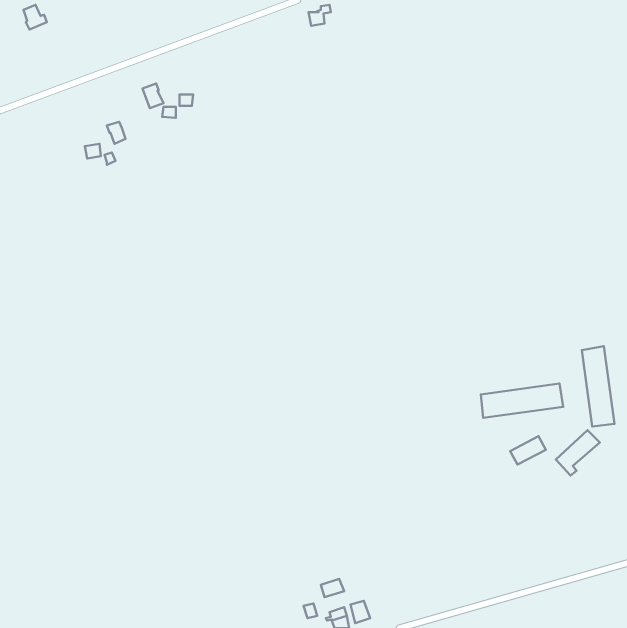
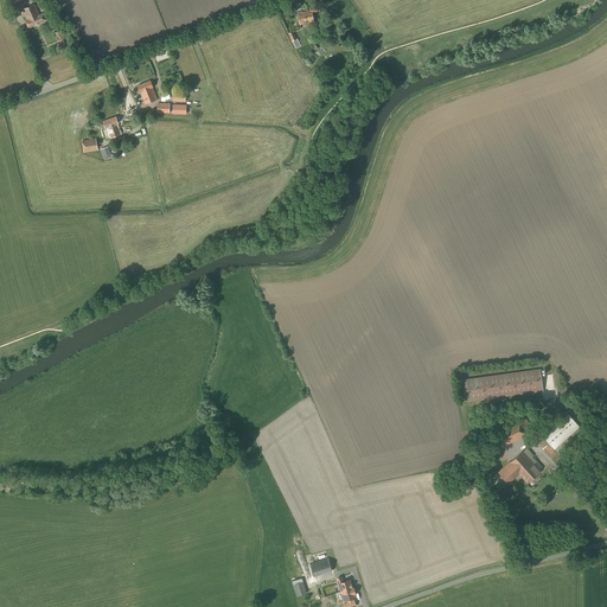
building: [582,346,615,427] -> none
building: none -> [498,448,542,485]

